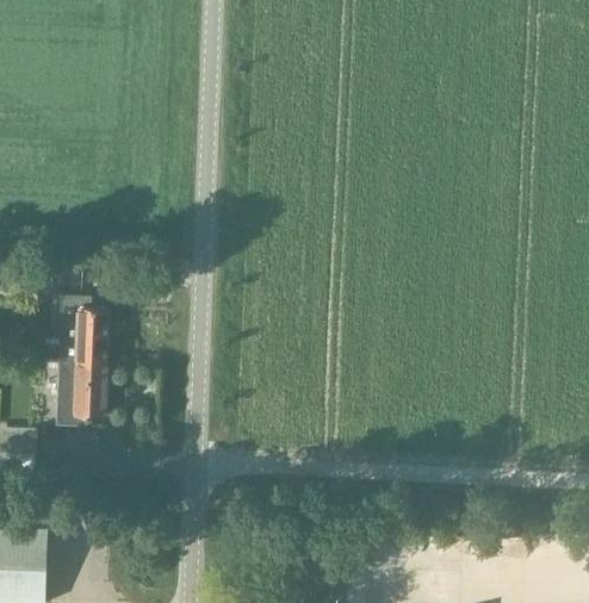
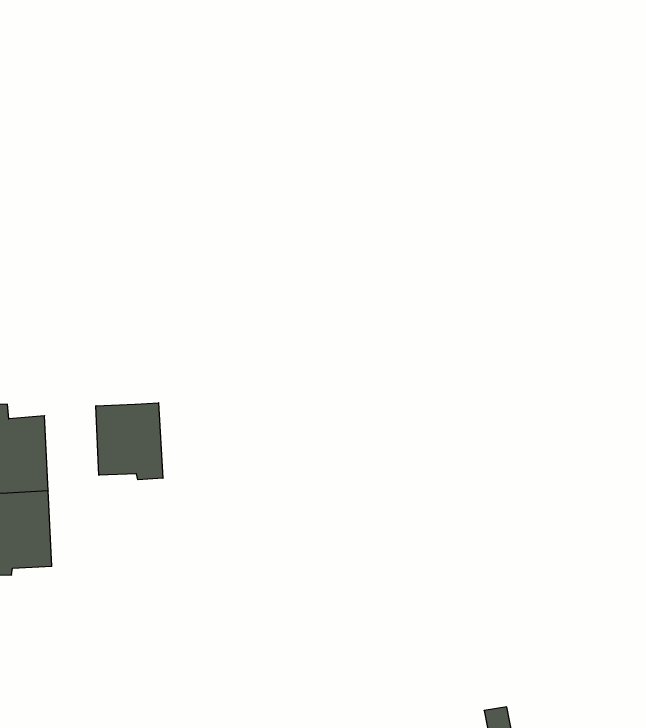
building: none -> [96,403,163,480]

